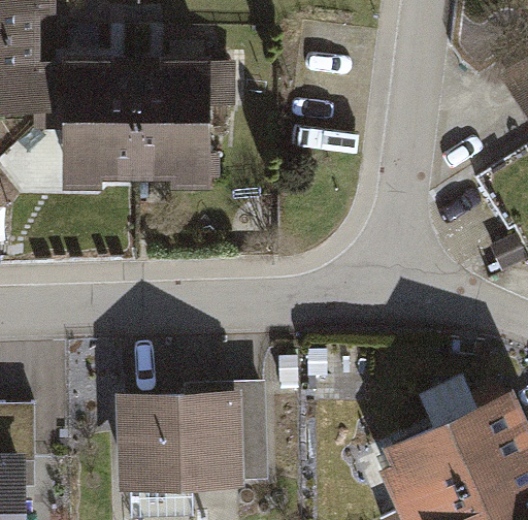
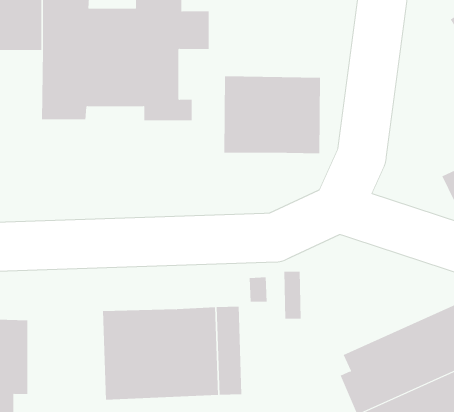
building: none -> [224,75,320,154]

